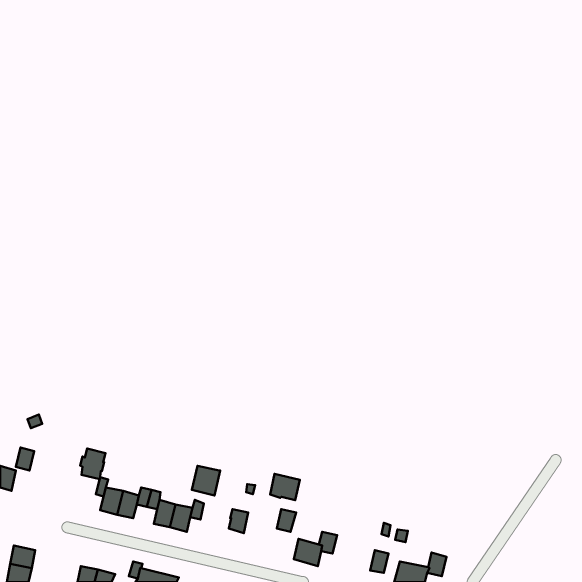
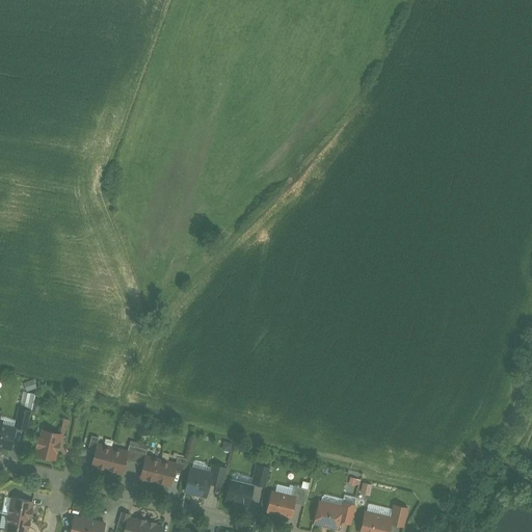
building: [80,448,105,479] -> [36,430,59,458]
building: [192,466,220,496] -> [185,469,211,496]
building: [270,474,300,500] -> [225,481,252,505]
building: none -> [314,502,341,527]

